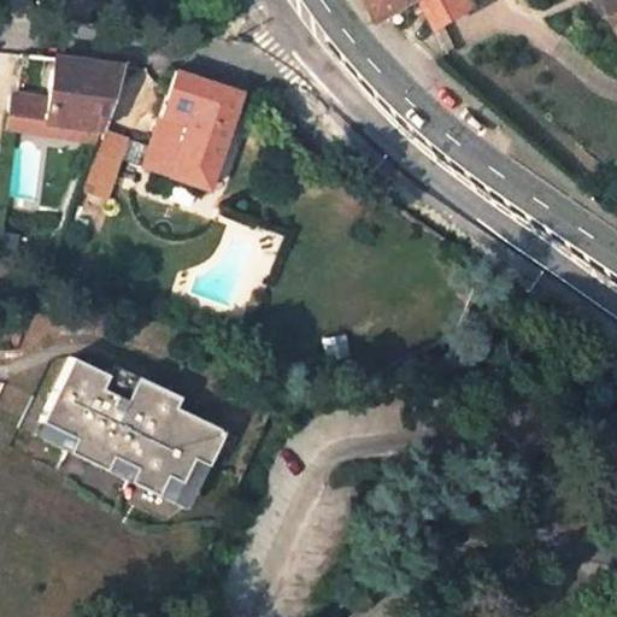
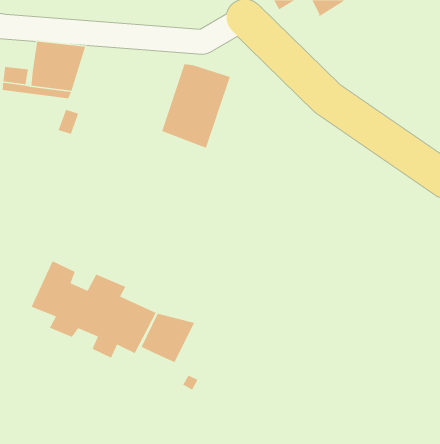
building: [148,71,245,189] -> [161,64,231,149]
building: none -> [141,313,195,363]

